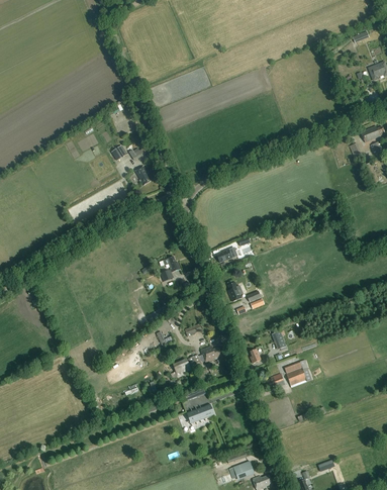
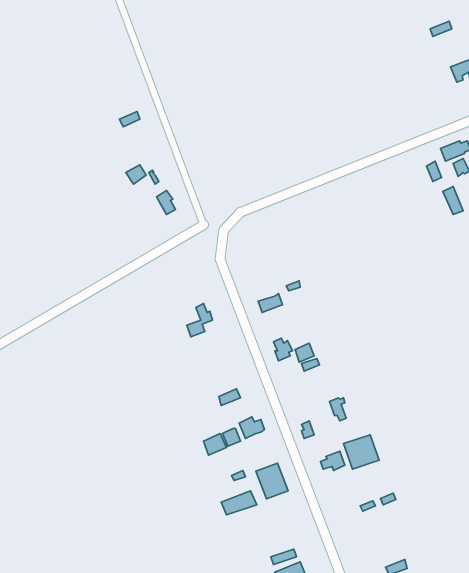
building: none -> [256,463,288,499]

